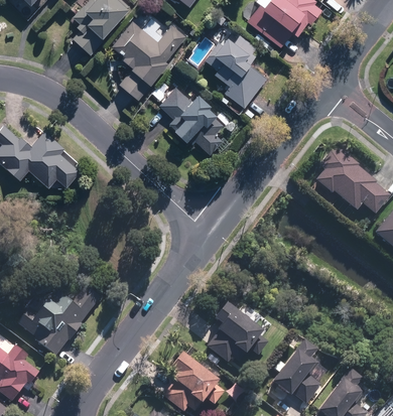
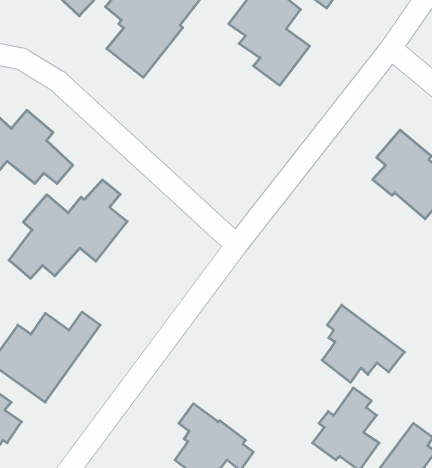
building: [152,81,224,155] -> none
building: none -> [9,180,127,278]
building: [206,304,269,364] -> [322,305,405,382]

